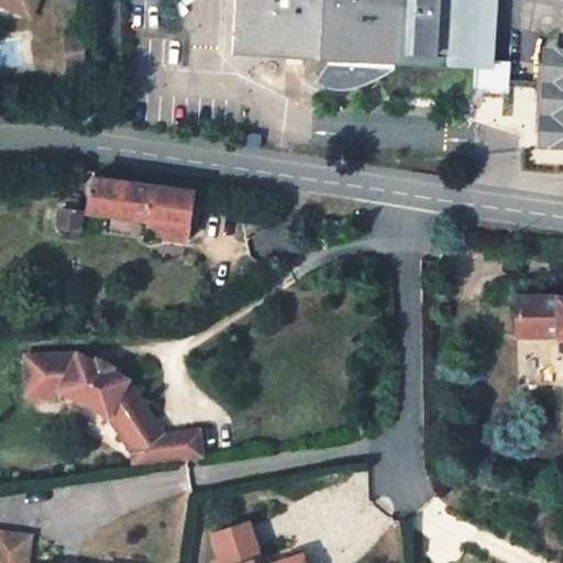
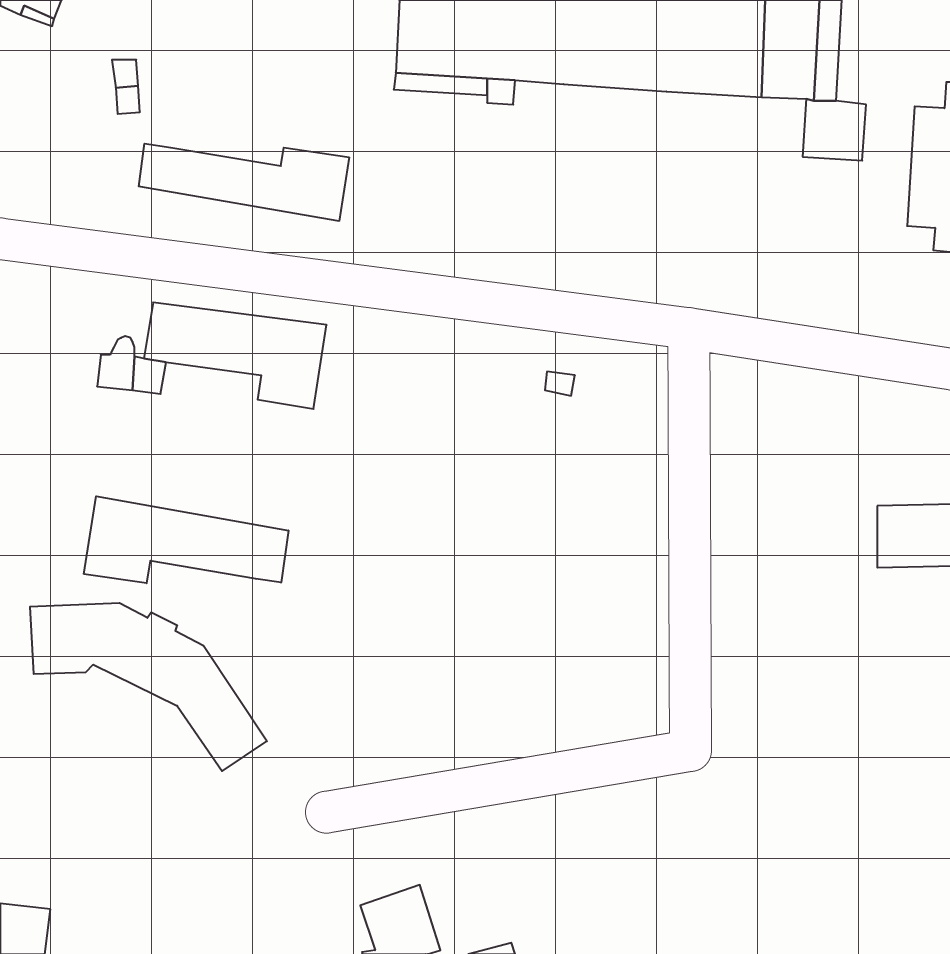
building: [320,49,395,85] -> none
building: none -> [139,144,349,221]
building: none -> [84,496,288,583]
building: [133,430,202,467] -> none

